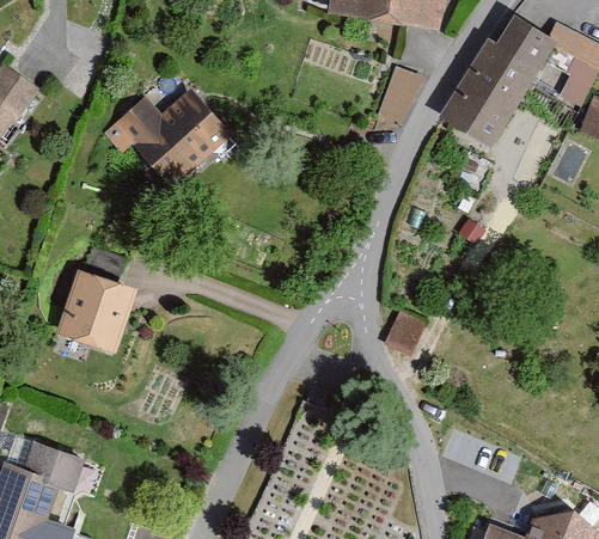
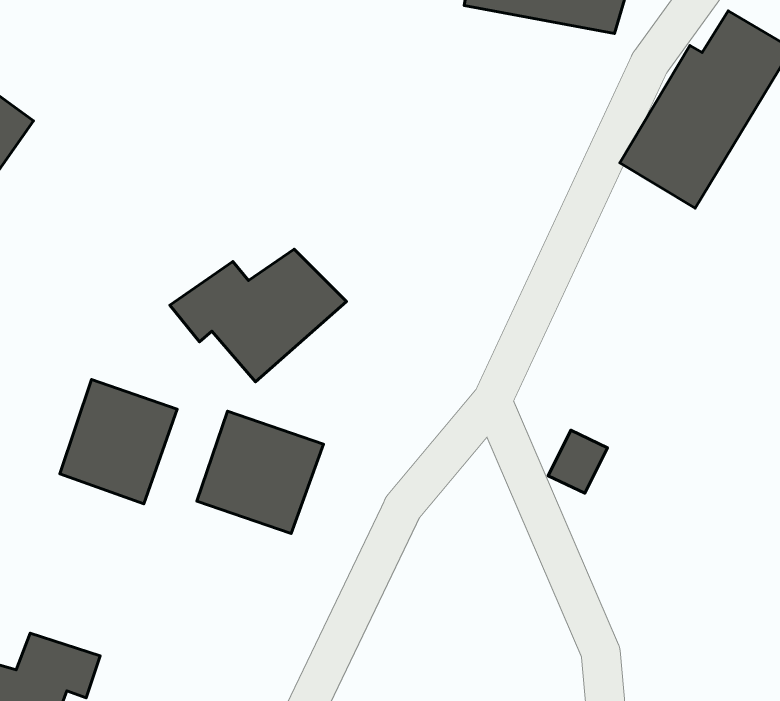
building: [379,60,427,120] -> none
building: [106,92,227,183] -> [170,249,347,382]
building: none -> [197,411,323,533]

